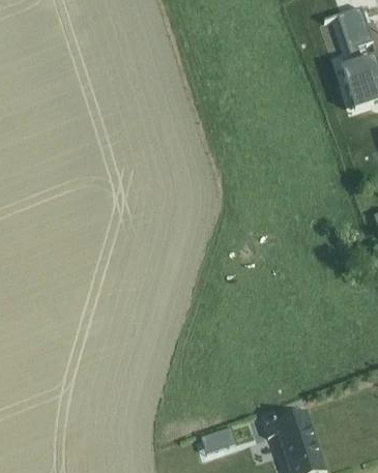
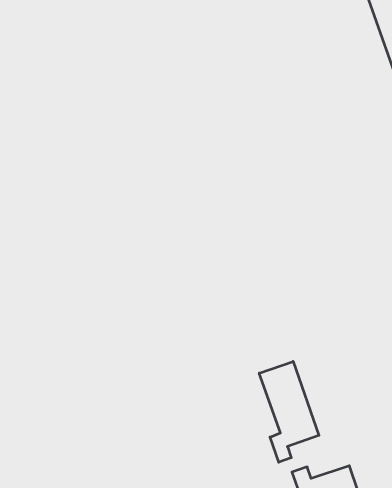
building: none -> [259,361,319,462]

